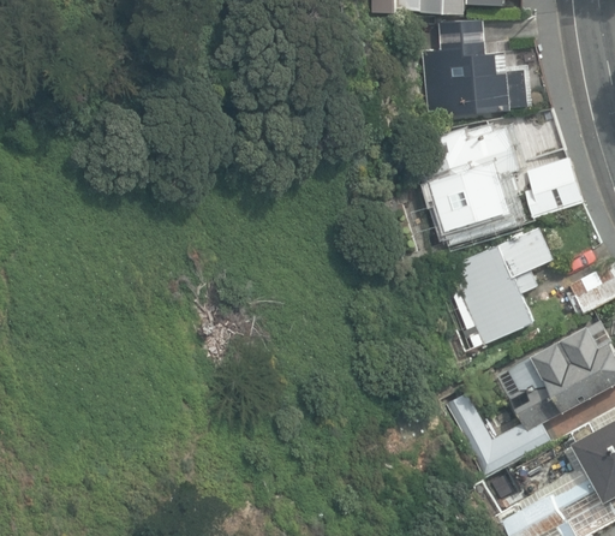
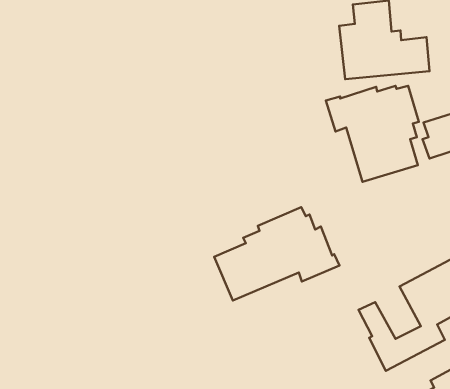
building: [444,228,555,349] -> none
building: none -> [214,207,340,301]

